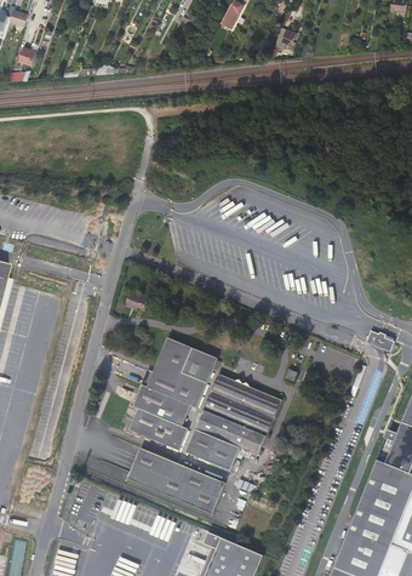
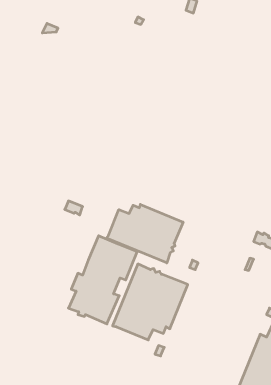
building: none -> [107,204,183,263]
building: [131,447,228,514] -> none

